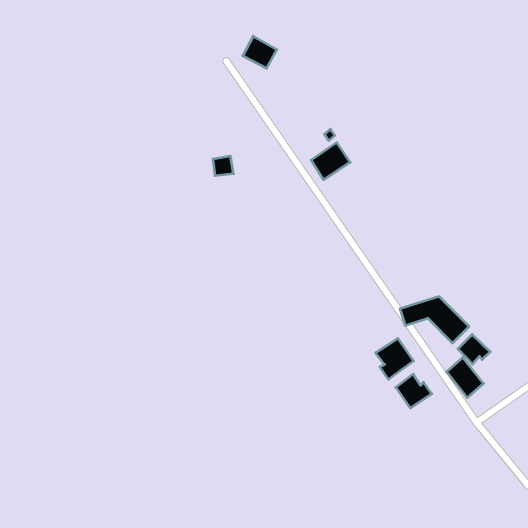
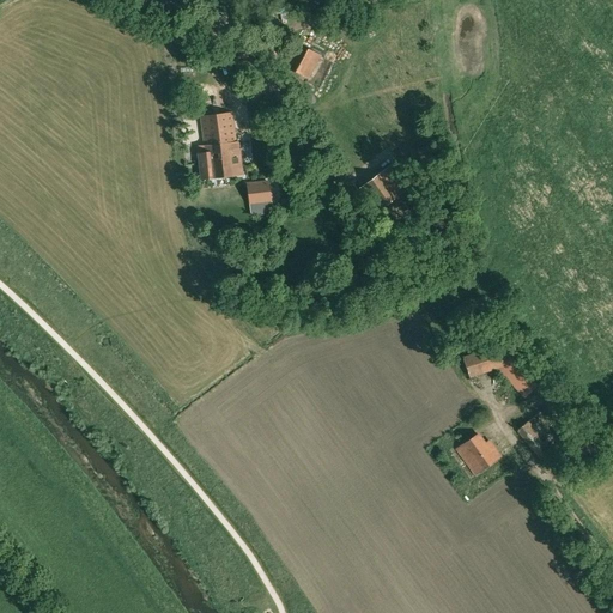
building: none -> [199,113,242,178]
building: [458,334,490,364] -> none
building: [376,338,414,379] -> none

